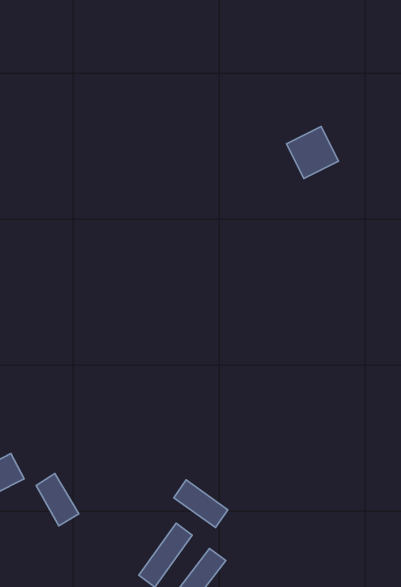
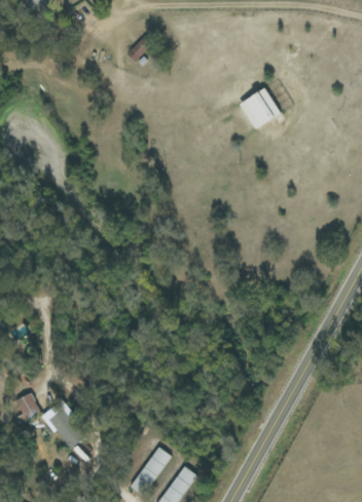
building: [286,127,339,179] -> [241,88,281,128]
building: [174,480,228,528] -> none

